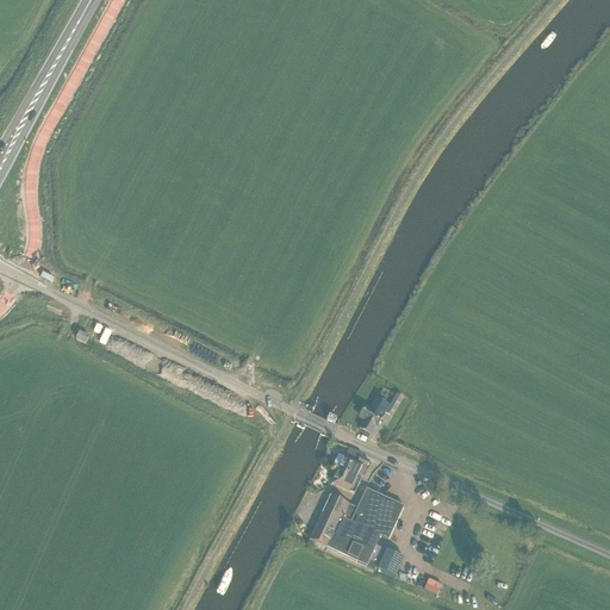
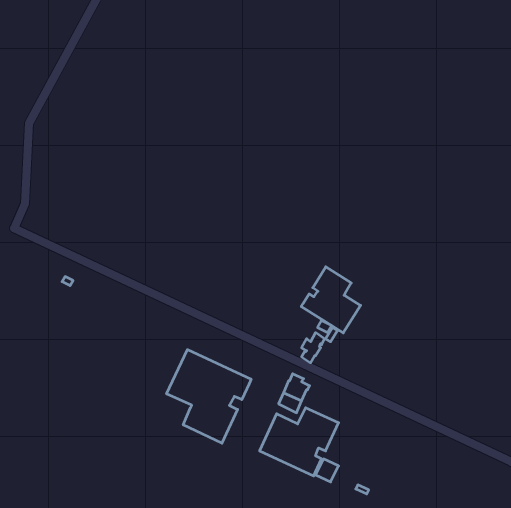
building: none -> [301,267,361,333]
building: none -> [167,350,251,443]

